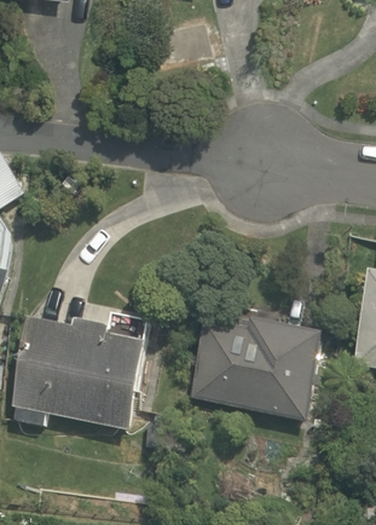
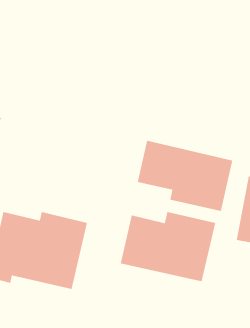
building: none -> [137,140,233,212]

